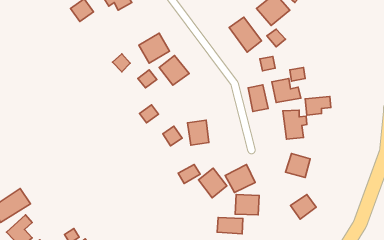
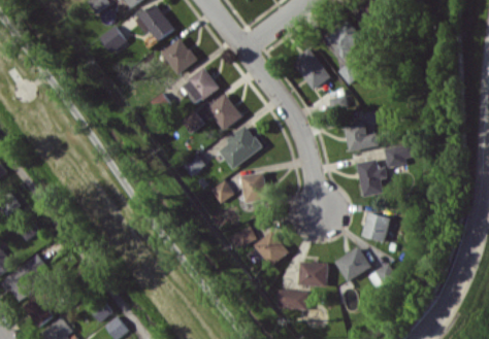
building: none -> [161,37,197,74]
building: none -> [219,125,262,168]
building: [248,85,268,111] -> none
building: [225,164,255,193] -> [333,246,369,280]

